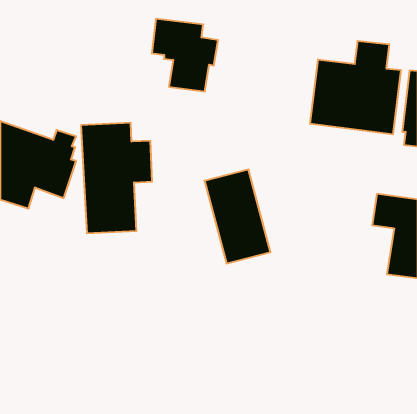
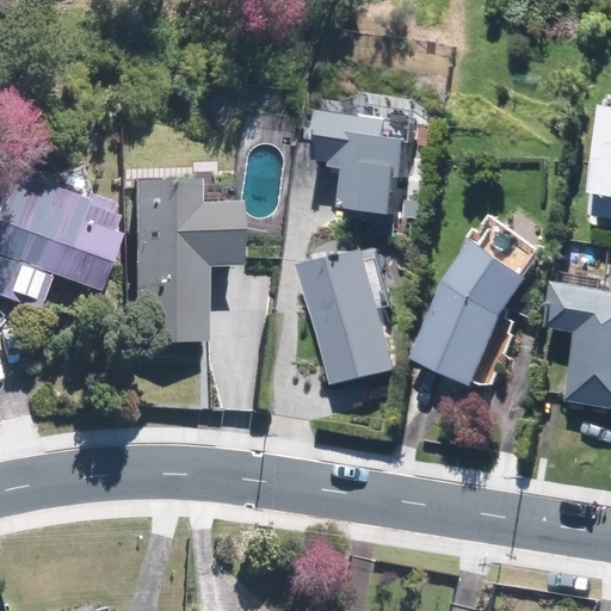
building: [152,19,218,92] -> [310,107,407,214]
building: [310,41,401,134] -> none
building: none -> [411,237,527,382]

